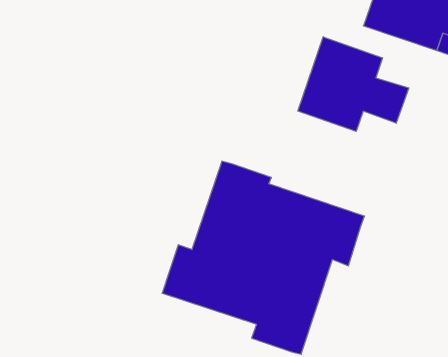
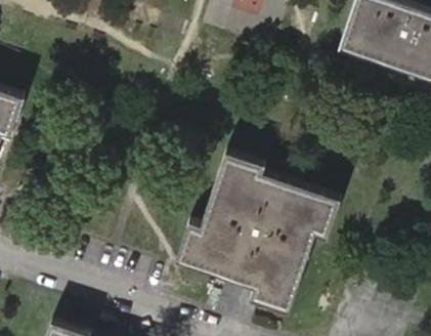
building: [298,37,409,131] -> none

